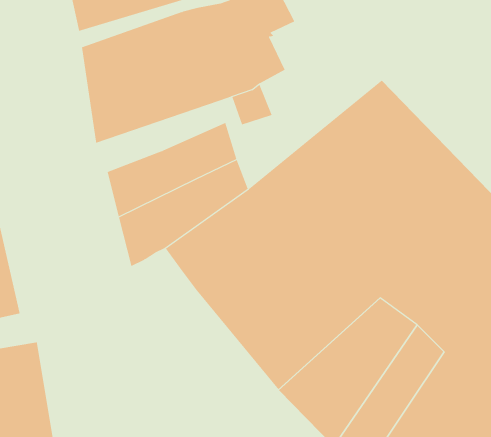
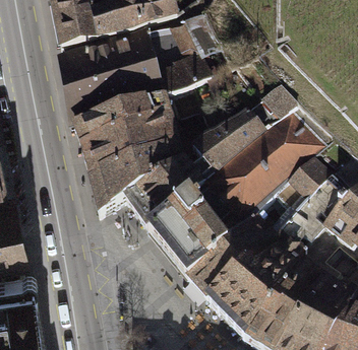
building: none -> [73,98,167,149]

